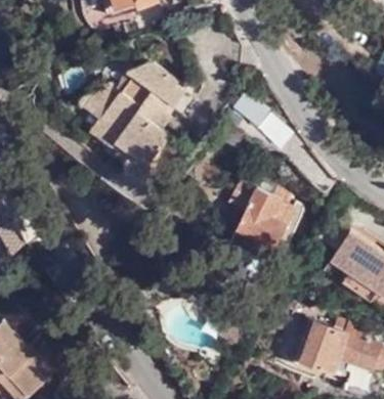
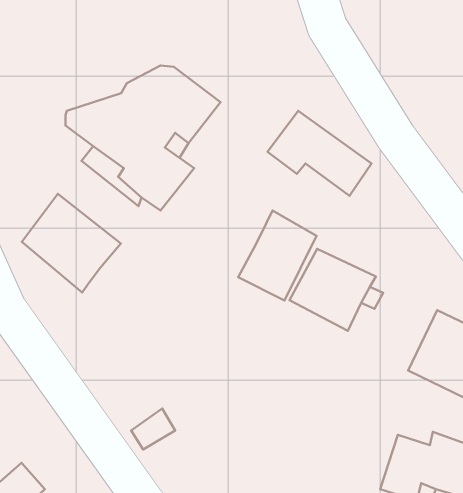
building: none -> [22,194,121,292]
building: none -> [238,210,317,300]

